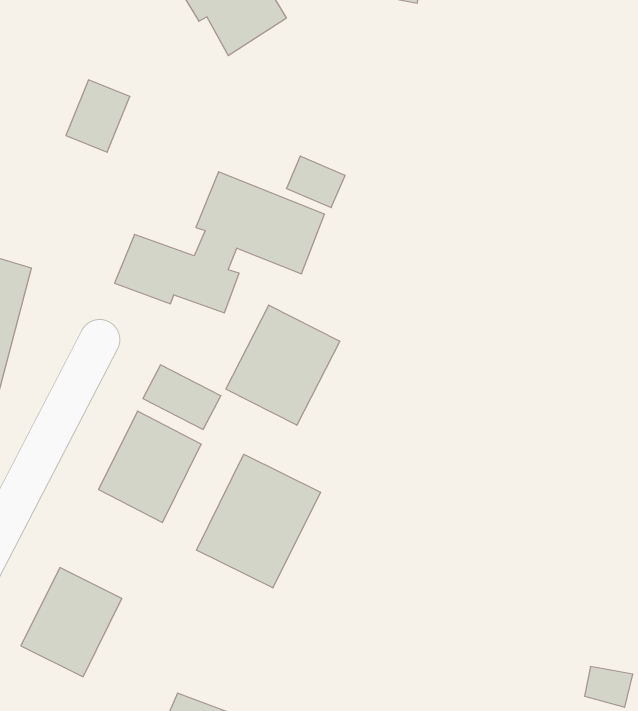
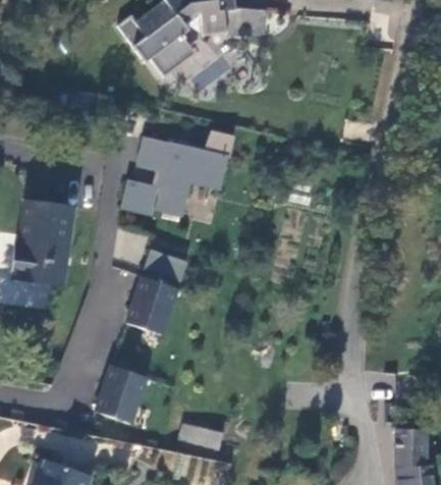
building: [66,80,130,152] -> [135,136,167,173]
building: [226,305,340,425] -> none
building: [196,454,320,588] -> none

